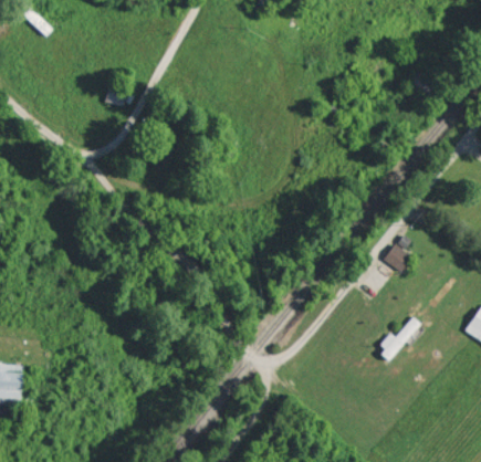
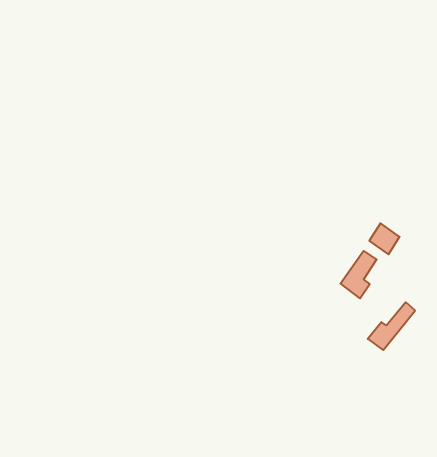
building: none -> [340,251,377,298]

